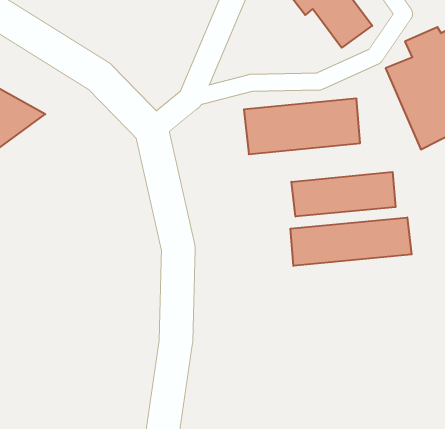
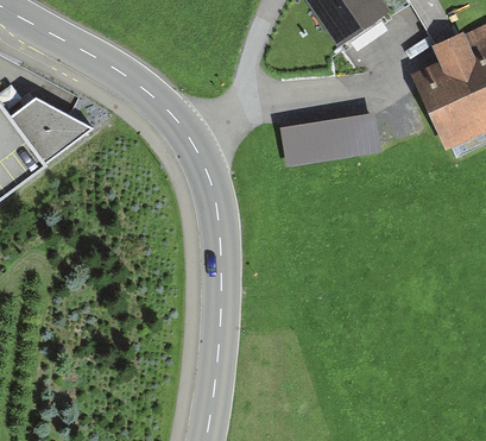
building: [291,172,396,217] -> none
building: [290,217,412,266] -> none

